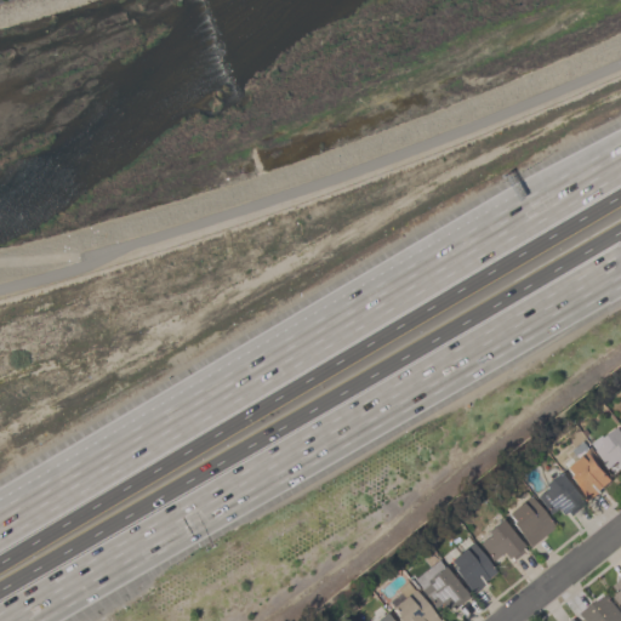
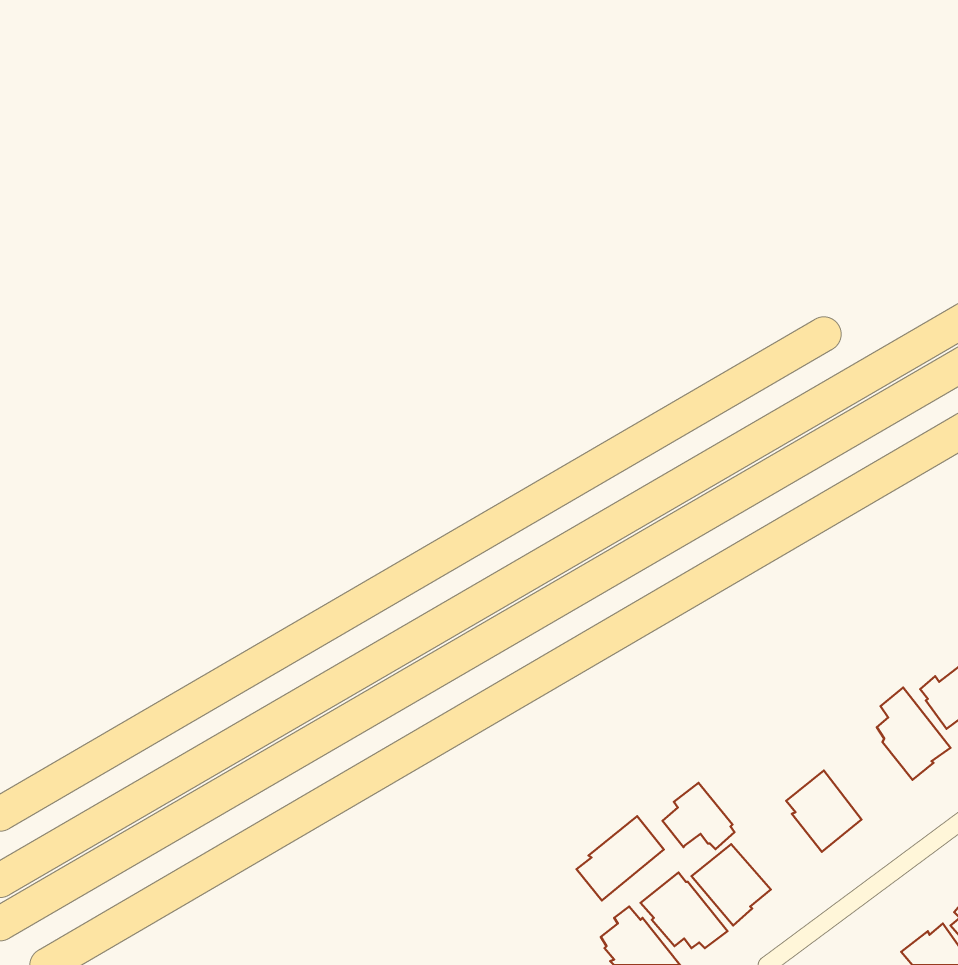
building: [540,472,588,515] -> none
building: [482,519,528,562] -> [663,783,734,849]
building: none -> [577,816,664,901]

